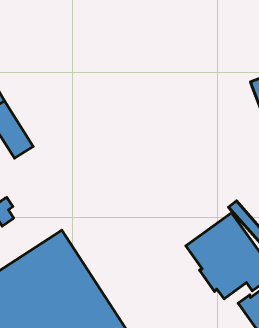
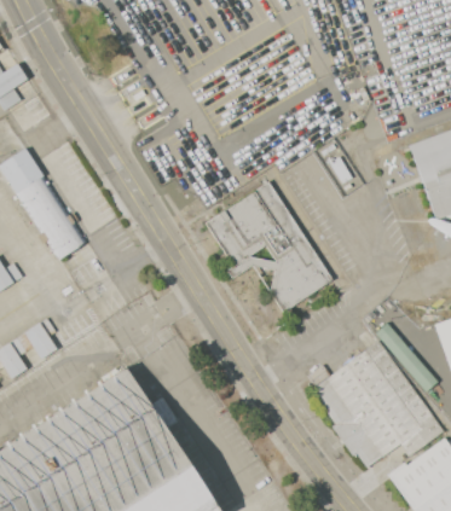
building: none -> [206,181,333,312]

